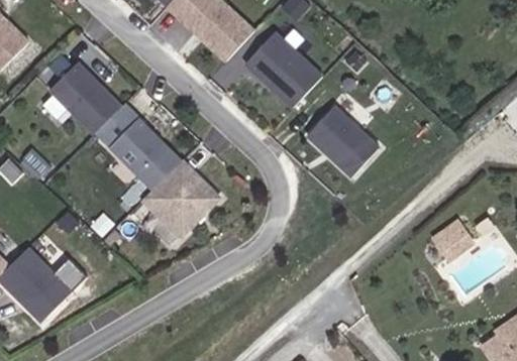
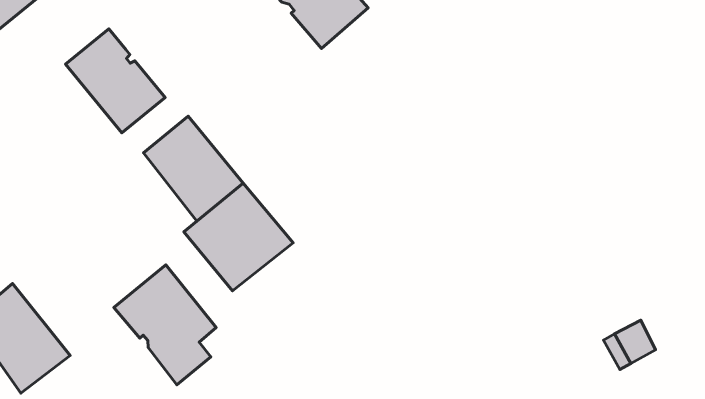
building: [243,31,320,107] -> none
building: [305,105,377,175] -> none
building: none -> [114,265,216,385]

